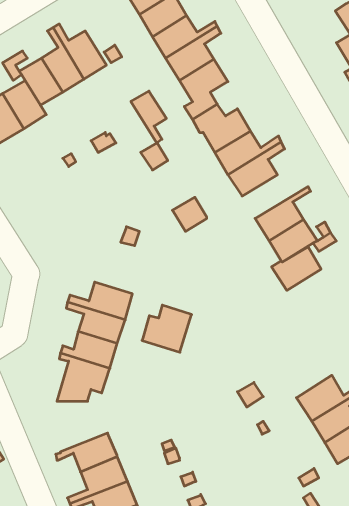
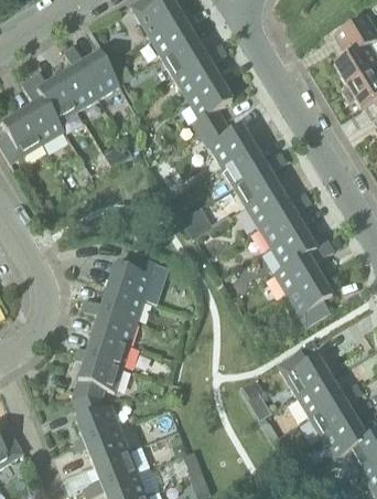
building: [131,91,166,143] -> none
building: none -> [246,187,308,227]
building: none -> [288,275,332,325]
building: [142,305,192,352] -> [108,254,154,298]
building: none -> [278,351,330,395]
building: none -> [73,399,120,446]

